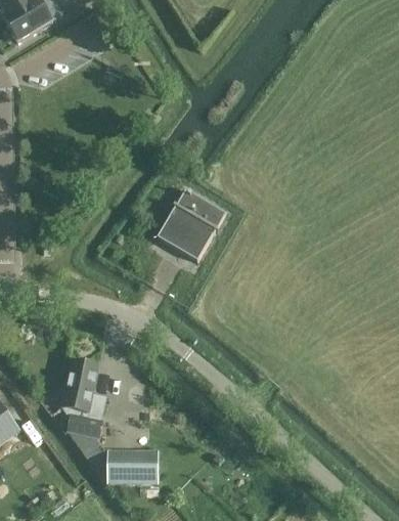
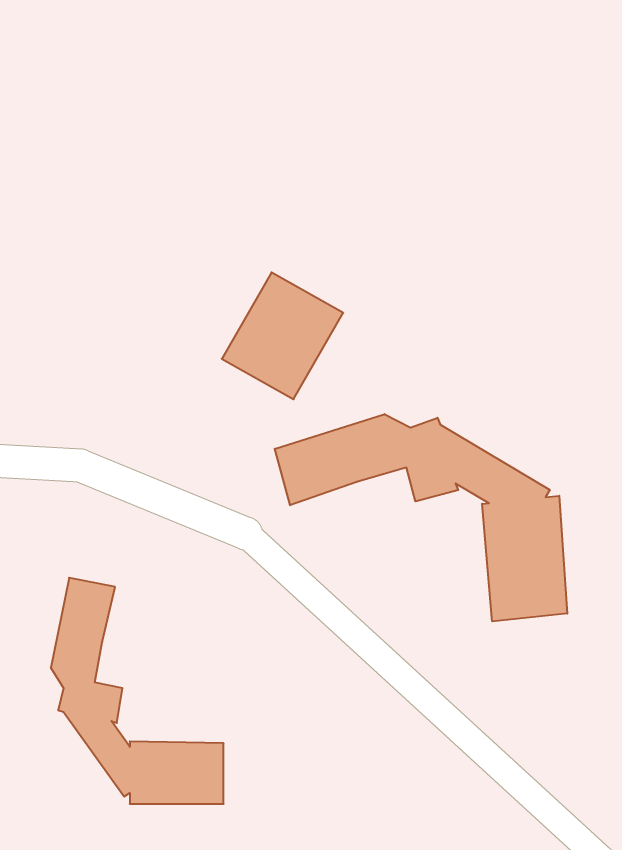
building: none -> [275,414,567,621]

